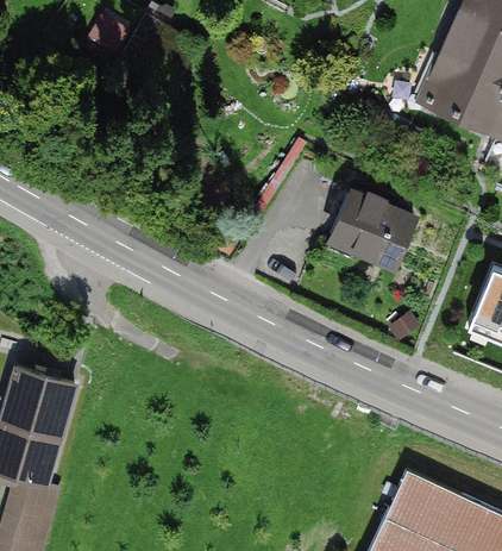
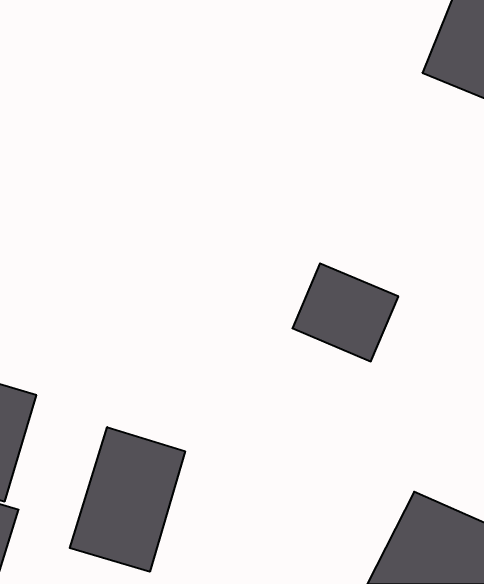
building: [325,188,416,273] -> [292,263,398,361]
building: none -> [70,427,185,572]

